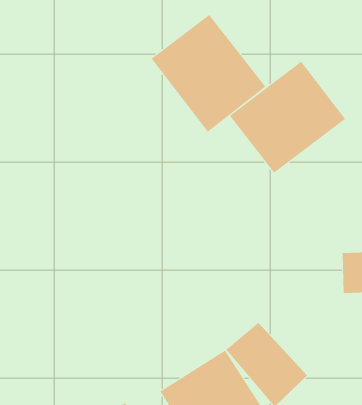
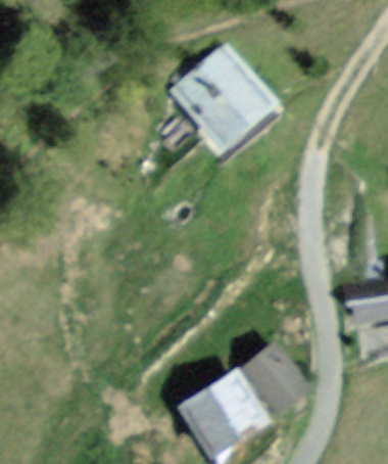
building: [229,61,346,174] -> none

